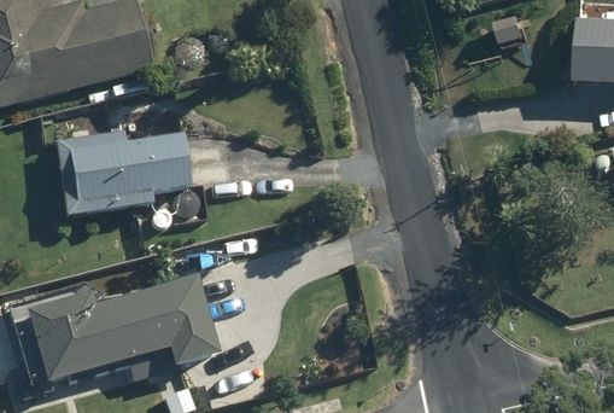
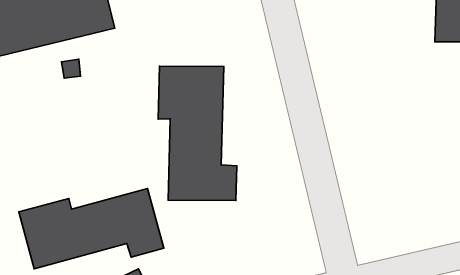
building: none -> [158,66,237,201]
building: [55,130,189,215] -> none

